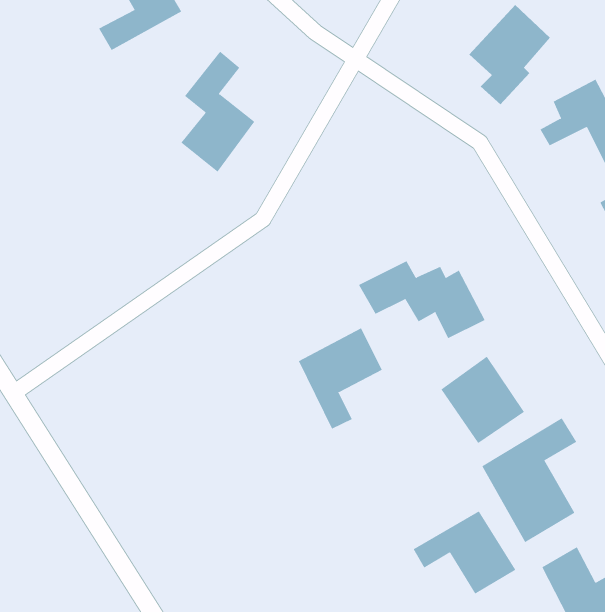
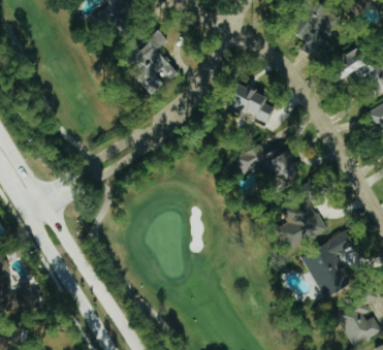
building: none -> [232,86,273,124]
building: [298,327,383,429] -> none
building: [413,510,516,594] -> none

